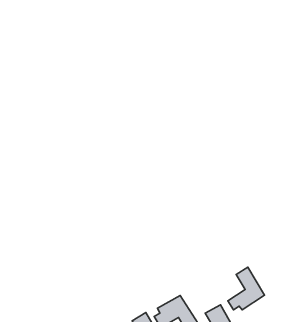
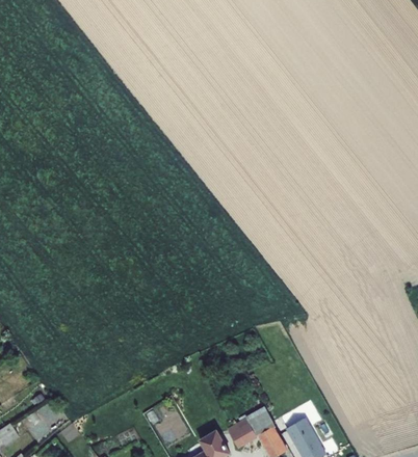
building: [228,267,265,310] -> none

